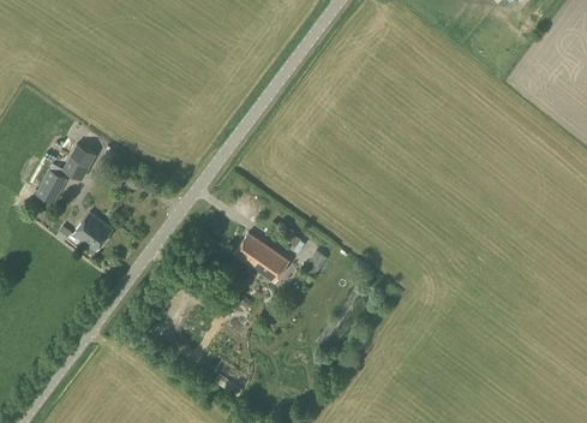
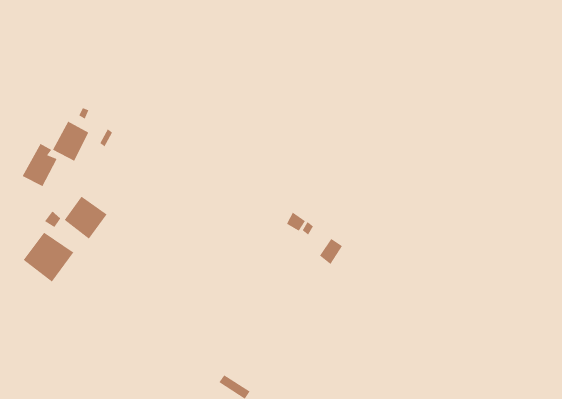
building: [234,233,288,281] -> none
building: none -> [23,232,74,283]

